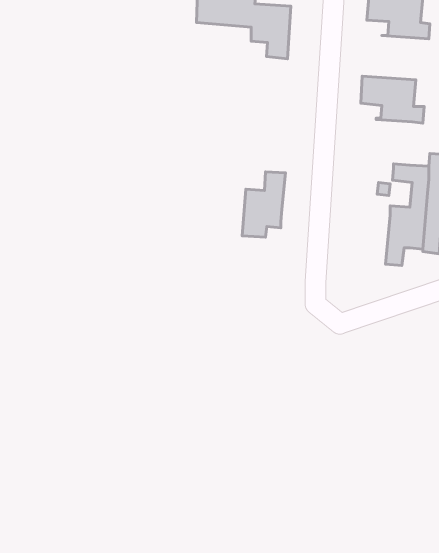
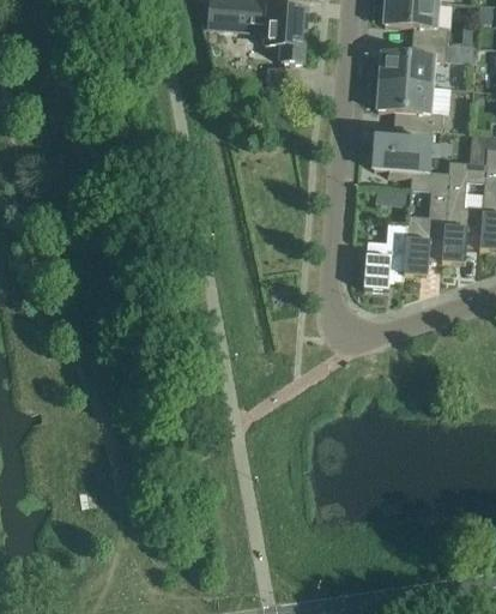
building: none -> [379,38,447,84]
building: none -> [373,125,430,175]
building: [242,172,285,237] -> [363,222,407,289]

